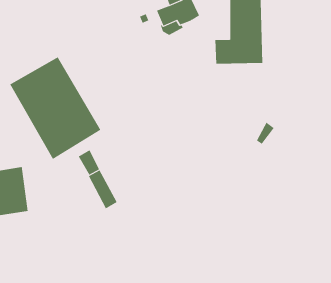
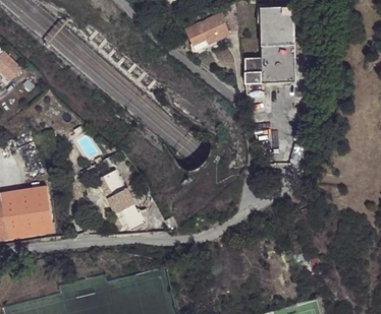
building: [10,56,101,160] -> none

